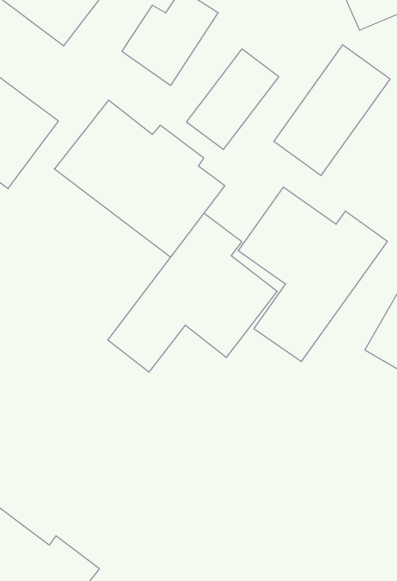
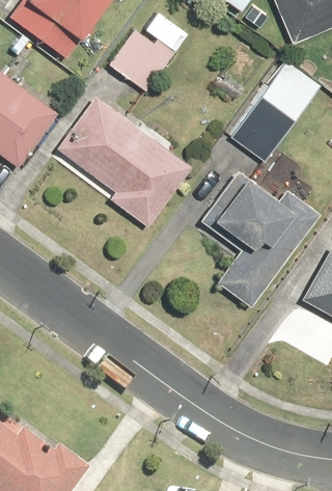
building: [186,49,279,150] -> none
building: [108,213,277,372] -> none

